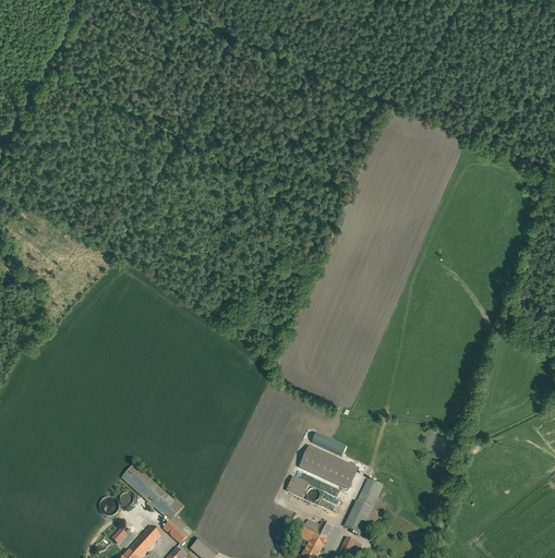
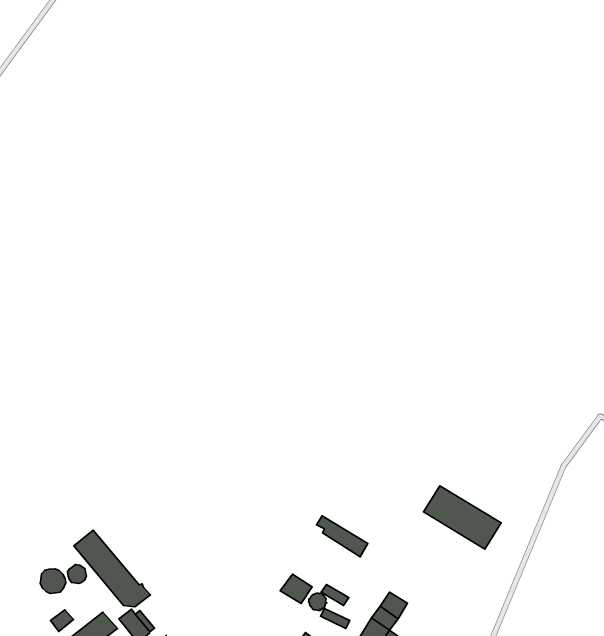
building: [297,445,358,488] -> [423,486,501,549]

